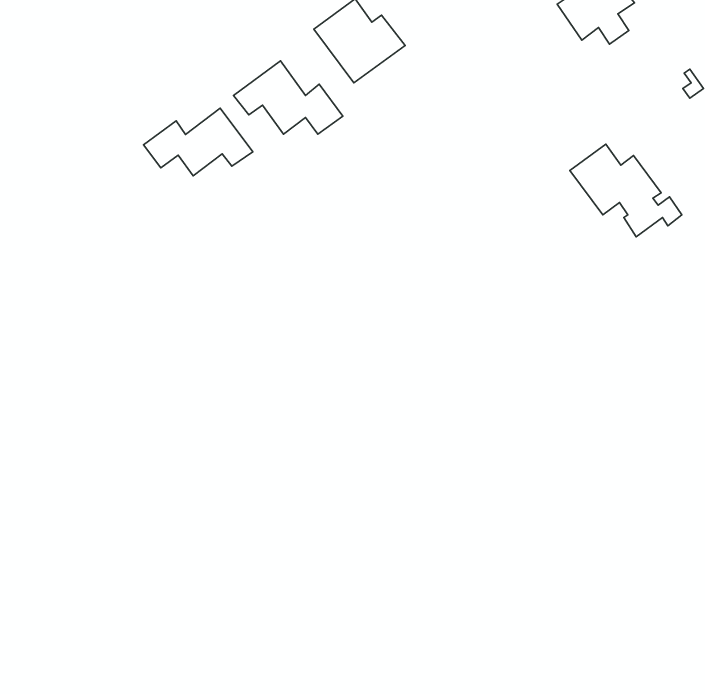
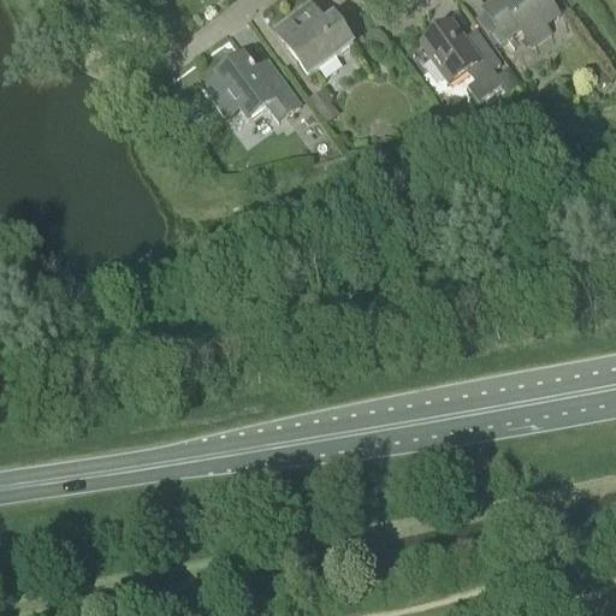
building: [144,108,253,176] -> none
building: [570,144,682,237] -> [421,17,519,97]

